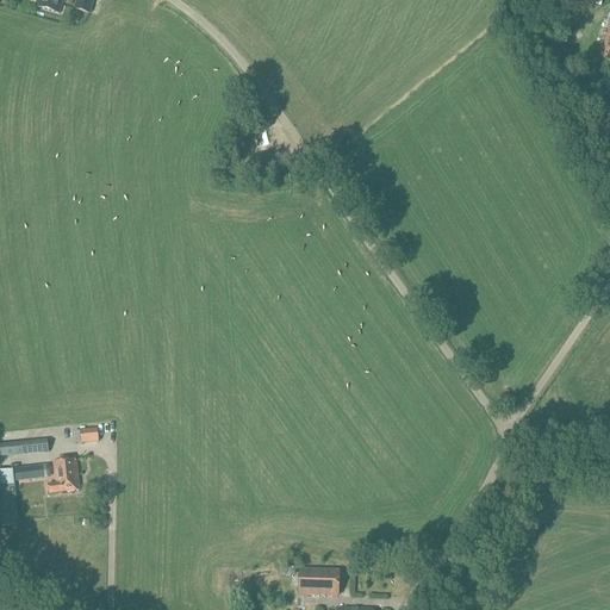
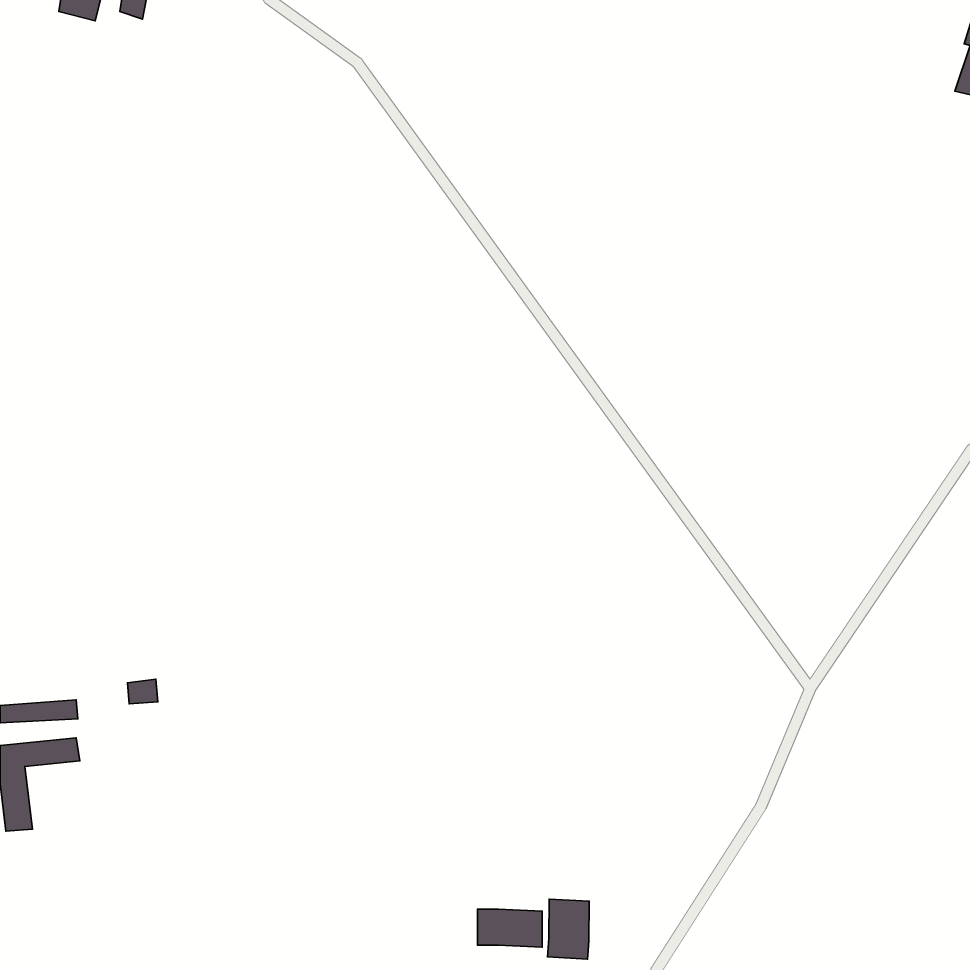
building: [49,455,82,494] -> none
building: none -> [548,899,589,959]

